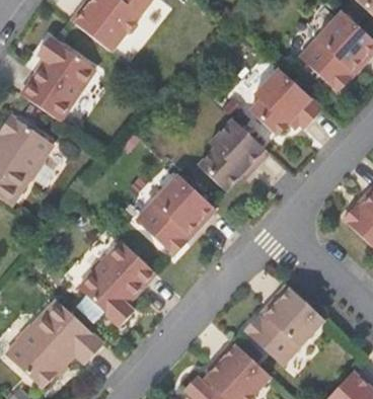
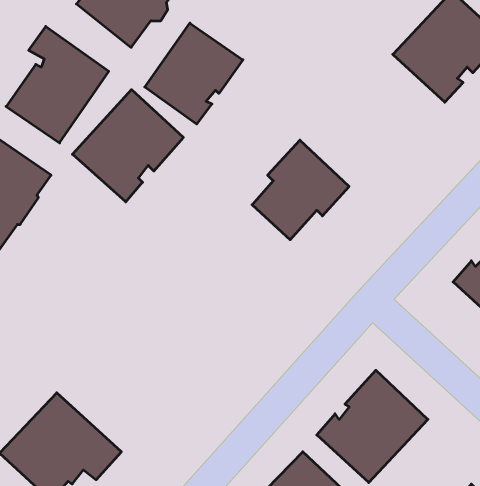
building: none -> [145,23,243,124]
building: [249,68,320,136] -> none
building: [135,174,215,255] -> [72,90,183,202]
building: [77,241,155,326] -> none

